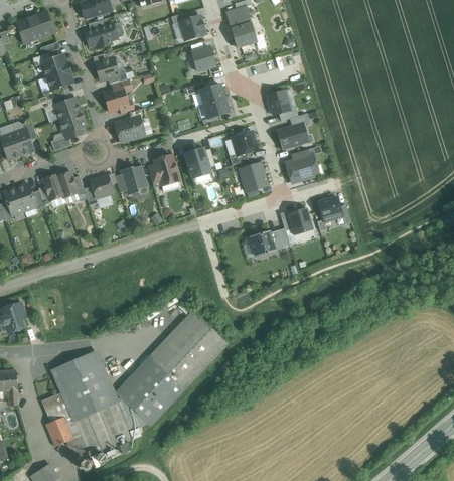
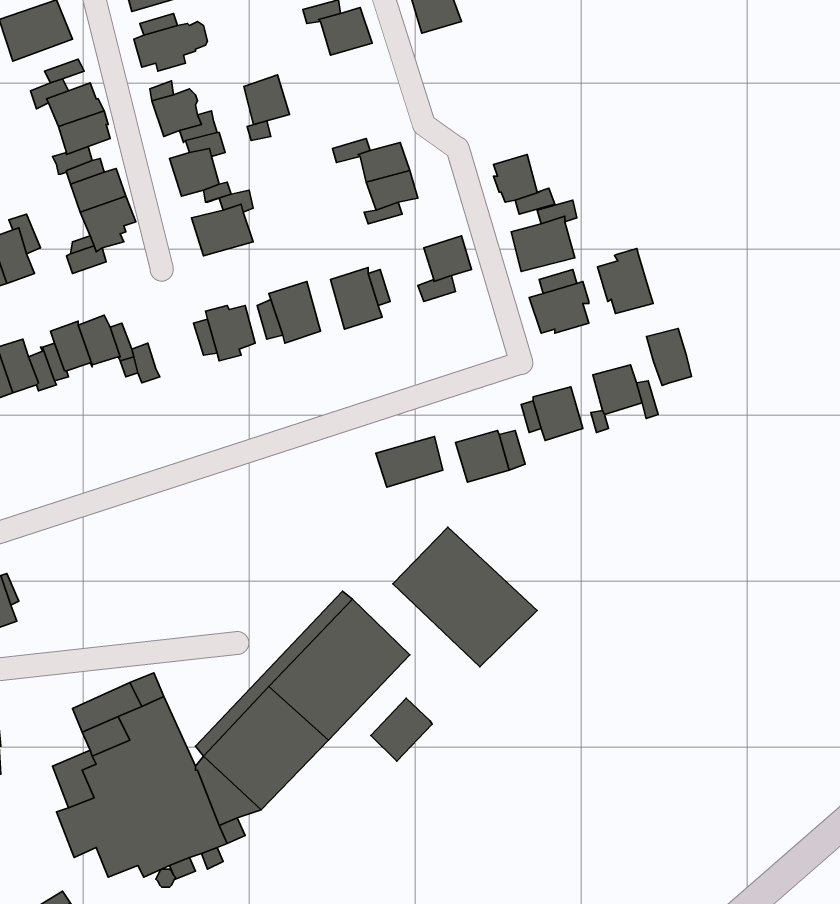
building: [232,22,257,47] -> none
building: [192,45,215,70] -> [244,75,289,124]
building: none -> [597,249,653,313]
building: [240,162,268,191] -> none
building: [91,173,114,198] -> none
building: none -> [646,329,691,385]
building: none -> [376,436,443,487]
building: none -> [393,527,537,667]
building: none -> [371,698,432,761]

